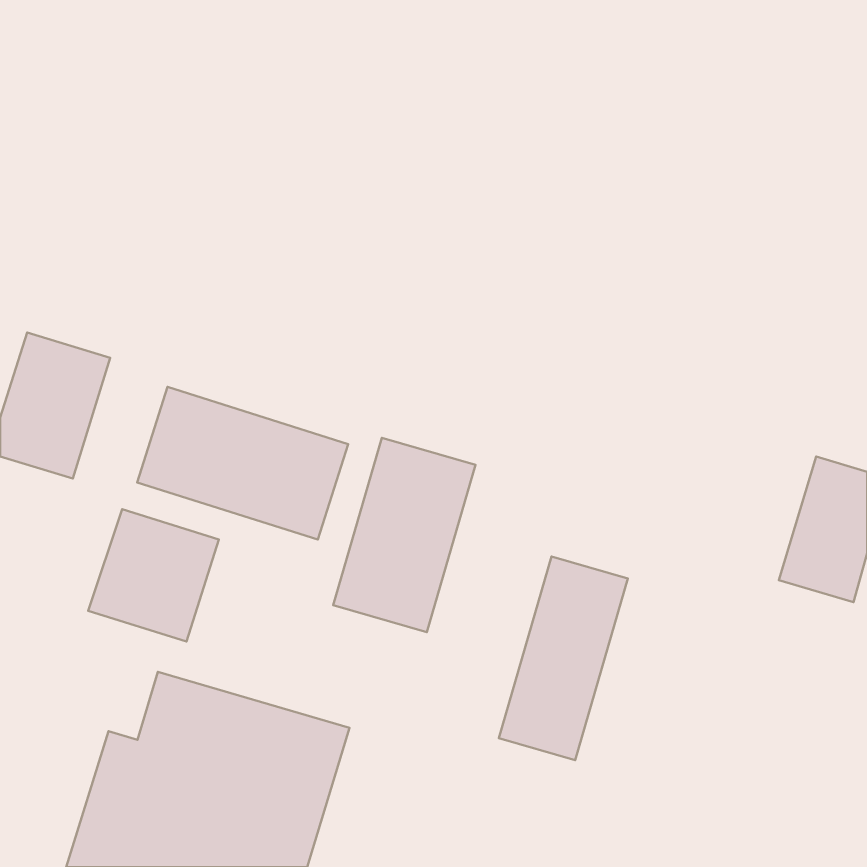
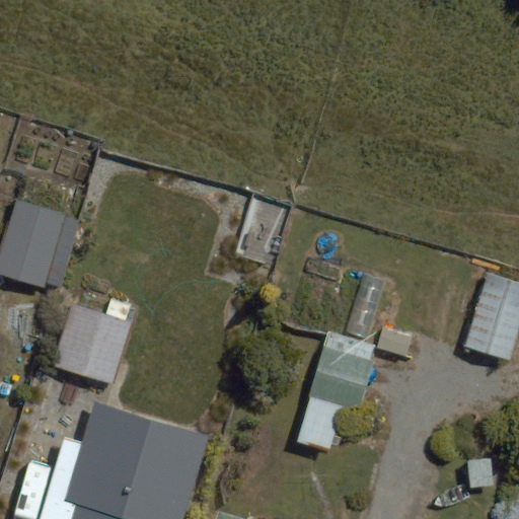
building: [137,387,348,540] -> none
building: [333,438,475,632] -> none

